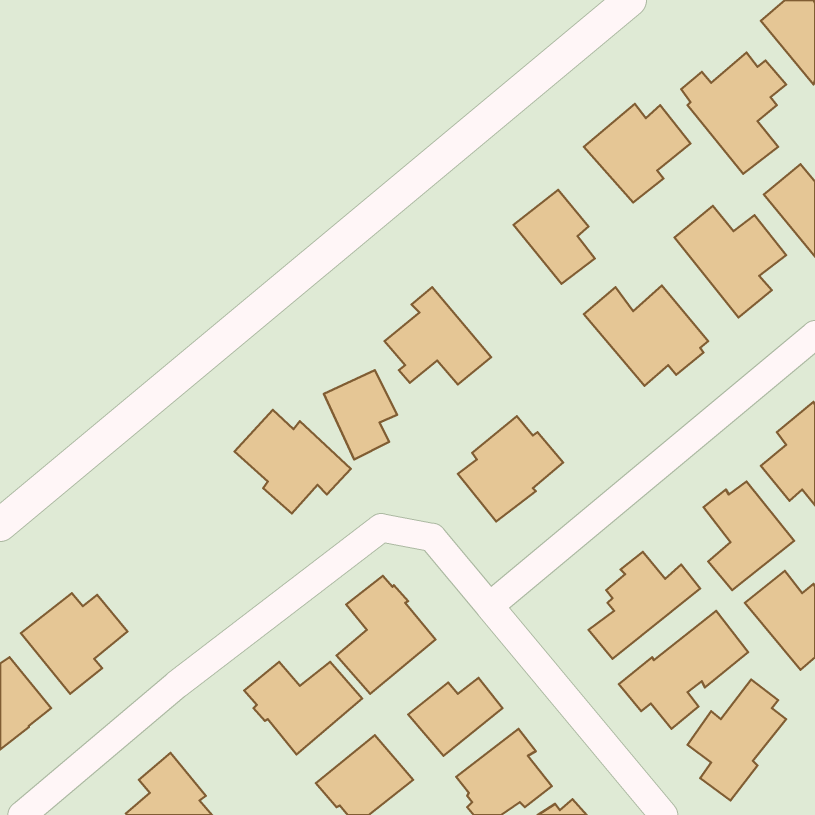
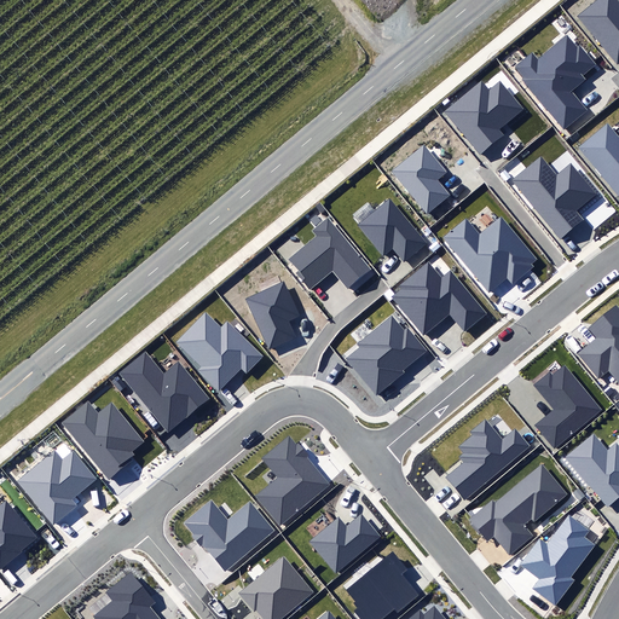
building: none -> [357,198,427,262]
building: none -> [391,261,488,337]
building: none -> [118,351,209,433]
building: none -> [63,403,143,480]

